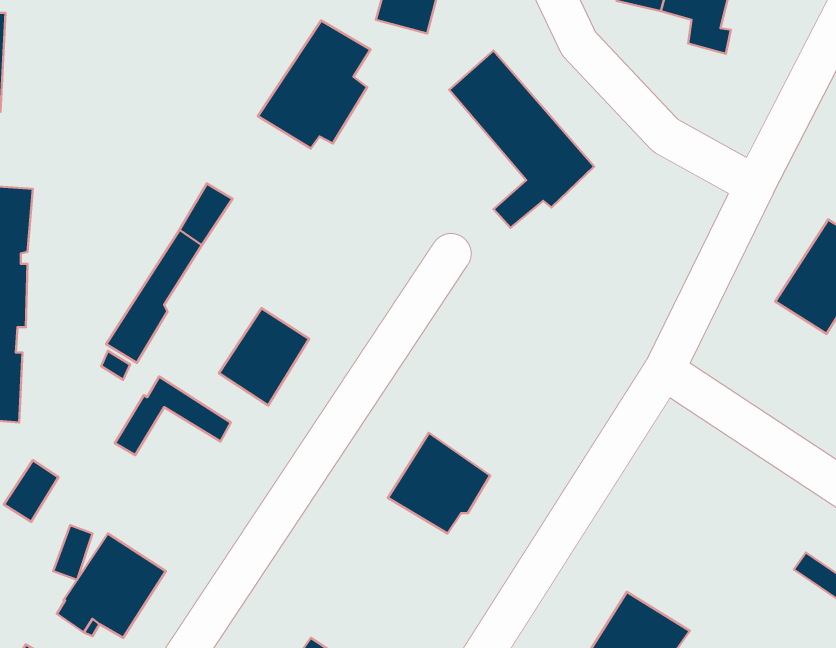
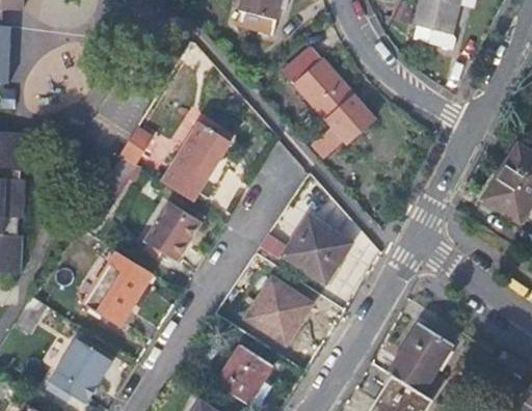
building: [258,20,371,148] -> [162,124,231,201]
building: none -> [283,188,350,282]
building: none -> [85,263,145,326]
building: none -> [390,328,449,400]
building: none -> [216,346,270,404]

